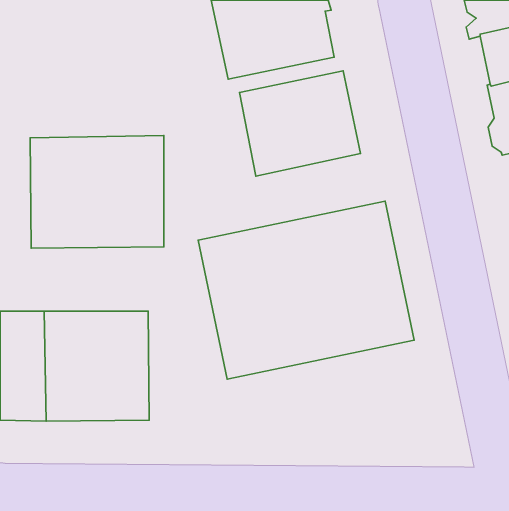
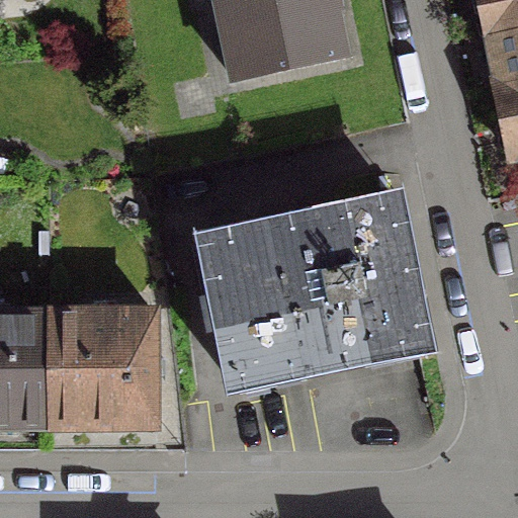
building: [239,71,360,176] -> none
building: [30,136,164,248] -> none

